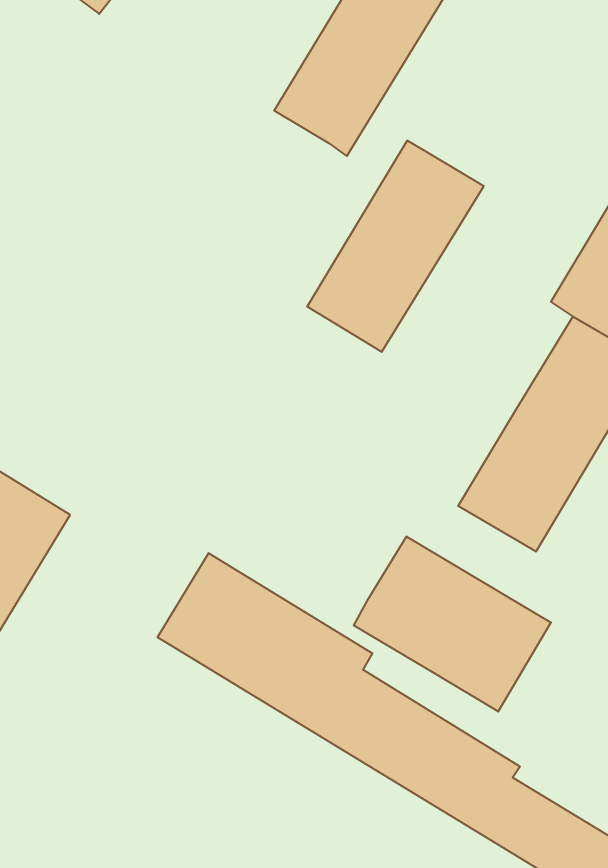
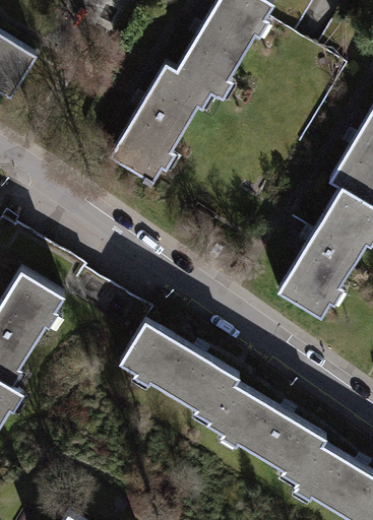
building: [307,141,484,352] -> [112,63,210,181]
building: [354,536,551,712] -> none

